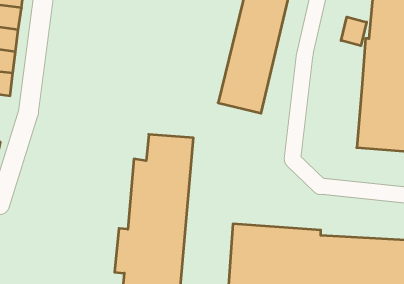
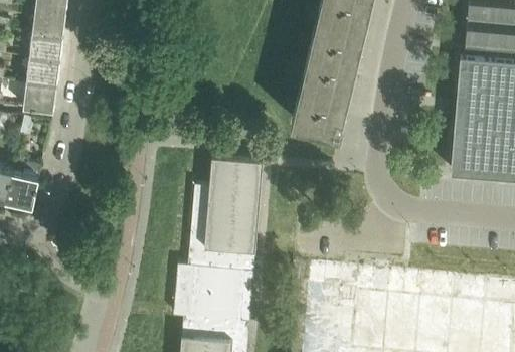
building: [341,17,367,46] -> none

